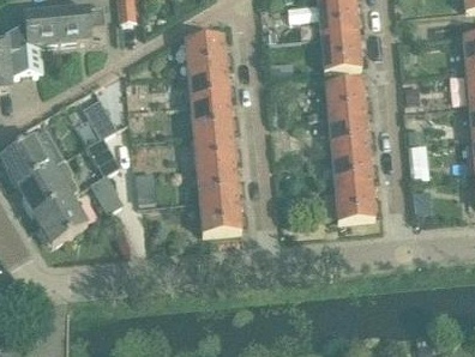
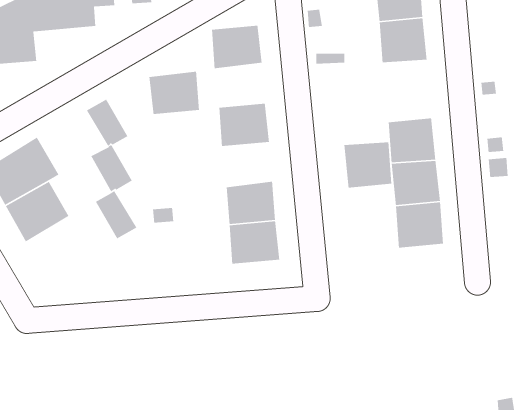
building: [187,68,229,104] -> [148,71,200,115]
building: [325,78,365,116] -> [343,141,392,189]
building: [193,133,235,169] -> none
building: [34,193,86,243] -> none

